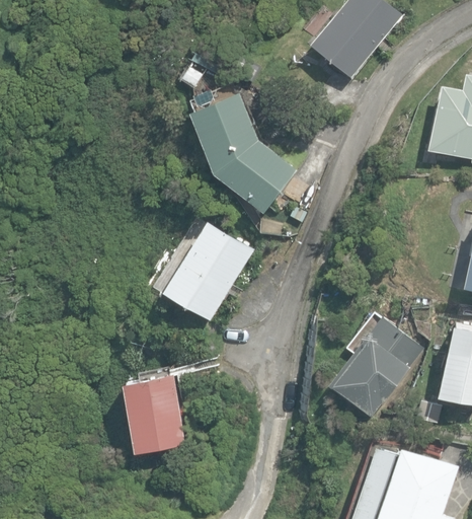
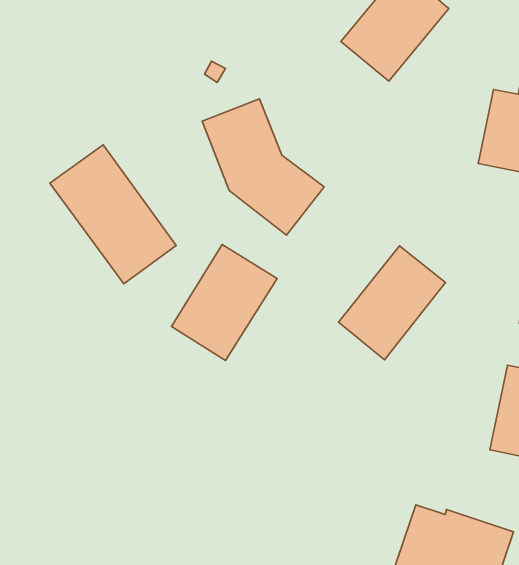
building: none -> [50,145,176,284]
building: [330,319,422,418] -> [339,246,445,360]
building: [124,374,185,451] -> none

